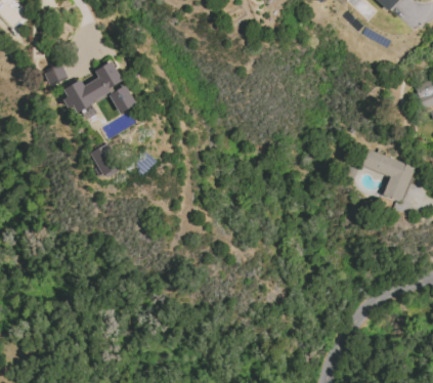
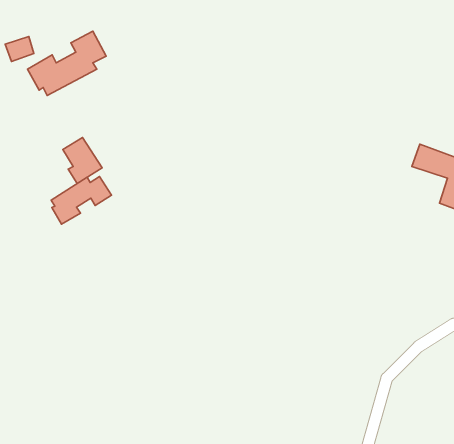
building: [110,84,137,113] -> none
building: none -> [51,176,111,224]

